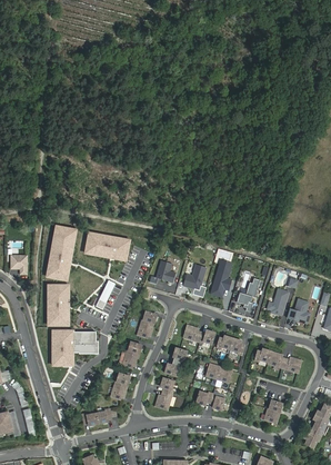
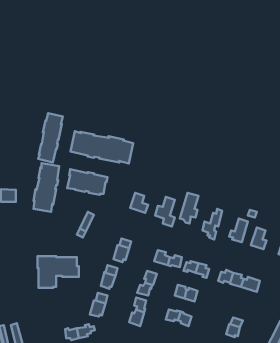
building: none -> [38,113,63,162]
building: none -> [70,131,133,163]
building: [47,286,68,325] -> none

